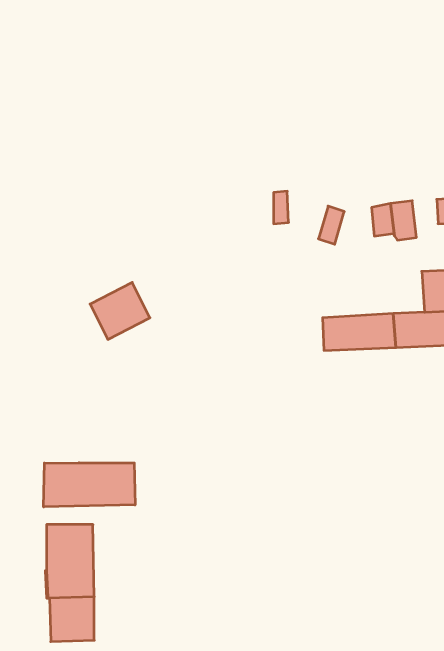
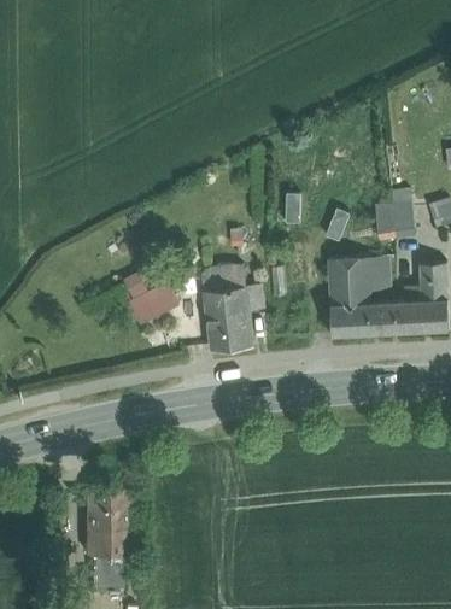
building: none -> [328,256,390,305]
building: none -> [203,267,264,351]
building: [44,463,135,507] -> none

